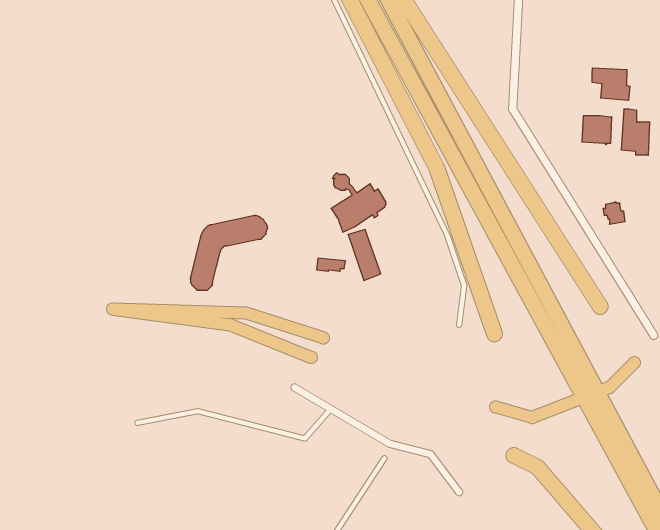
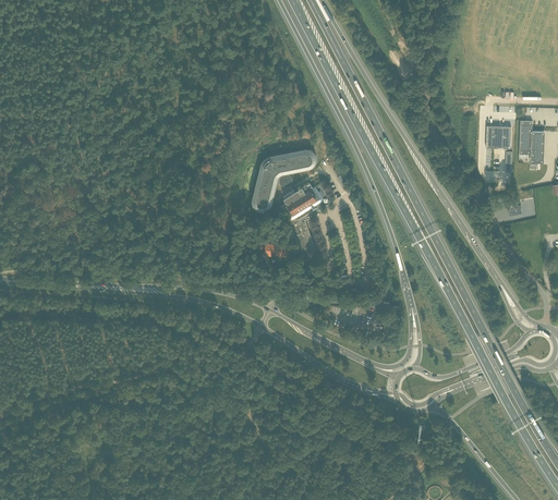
building: [592,68,630,100] -> none
building: [190,216,268,290] -> [253,149,317,211]

